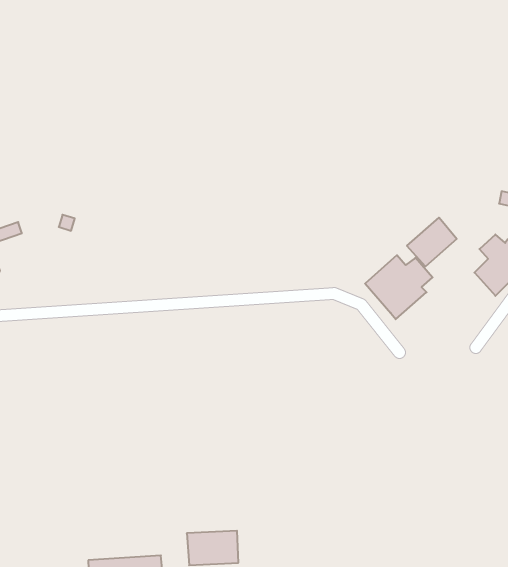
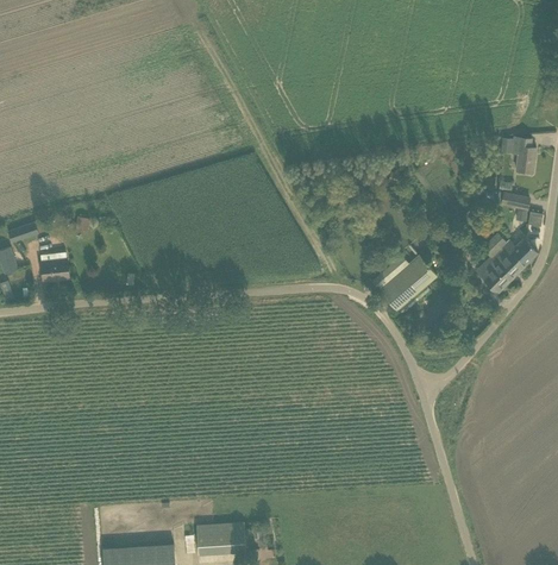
building: [407,218,457,266] -> none
building: none -> [39,259,67,282]

